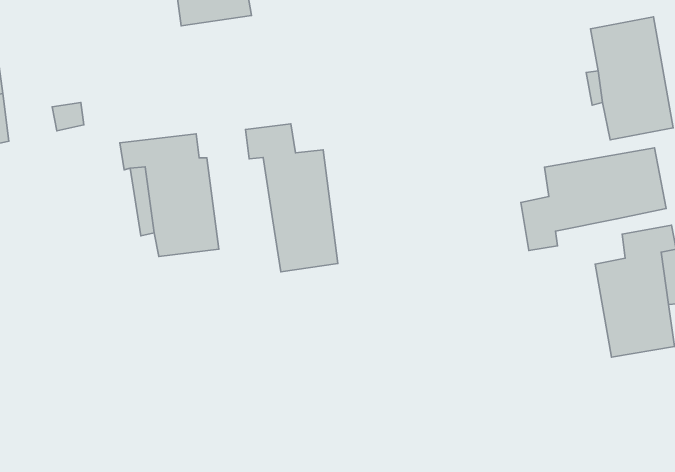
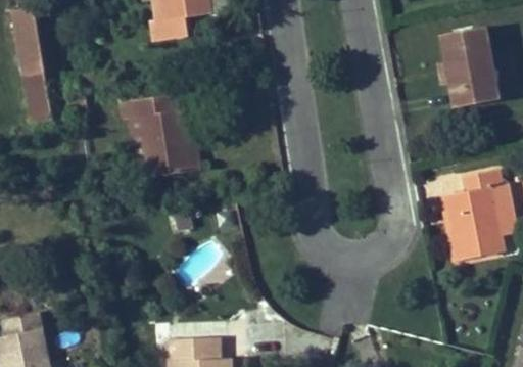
building: [246,124,338,272] -> none
building: [521,148,666,251] -> none

